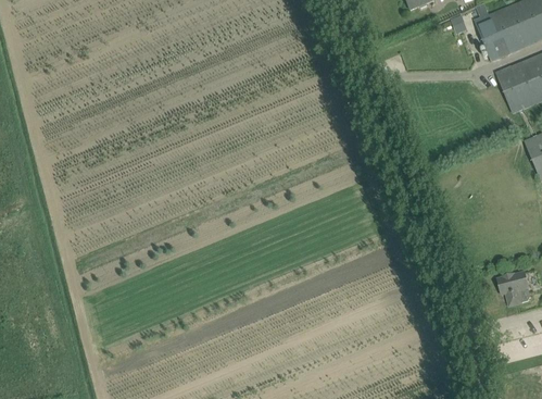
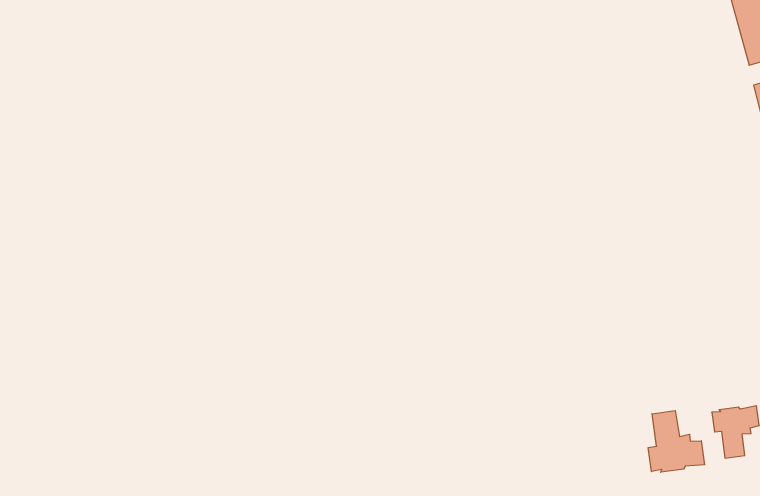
building: none -> [648,411,704,472]

